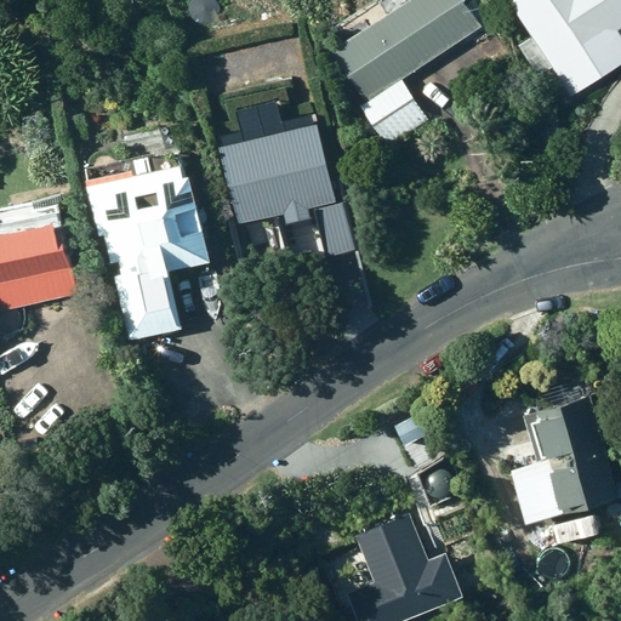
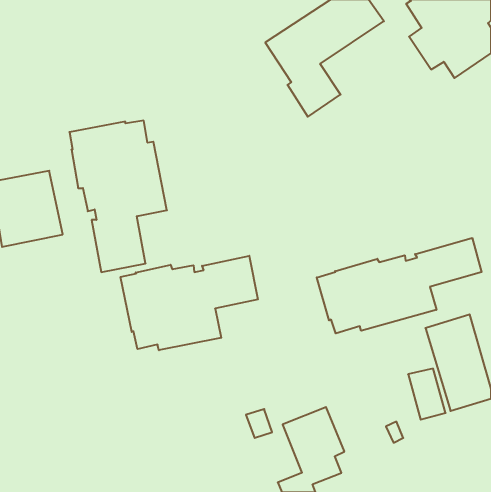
building: [218,112,330,257] -> none
building: none -> [317,238,482,333]
building: none -> [121,256,258,350]

